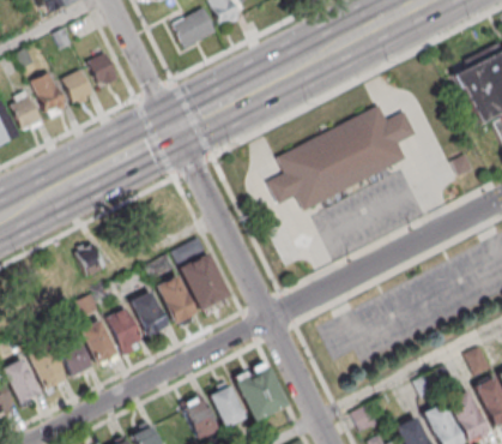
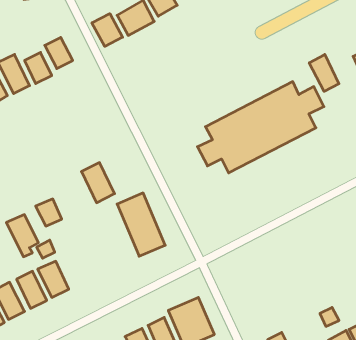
building: none -> [92,14,123,46]
building: none -> [309,54,339,91]
building: [155,275,194,323] -> [81,163,115,203]
building: [129,290,167,335] -> none
building: [103,305,141,355] -> [6,215,38,257]

